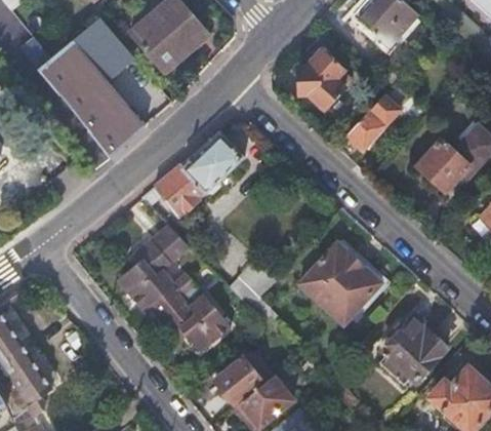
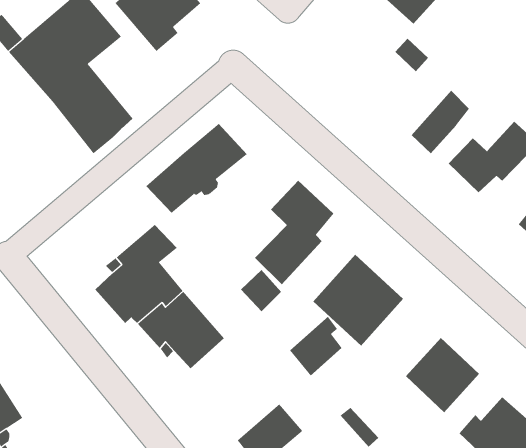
building: [298,50,353,111] -> none
building: [346,97,398,153] -> [411,90,470,154]
building: none -> [254,180,334,285]
building: [215,351,261,403] -> [289,316,343,377]

